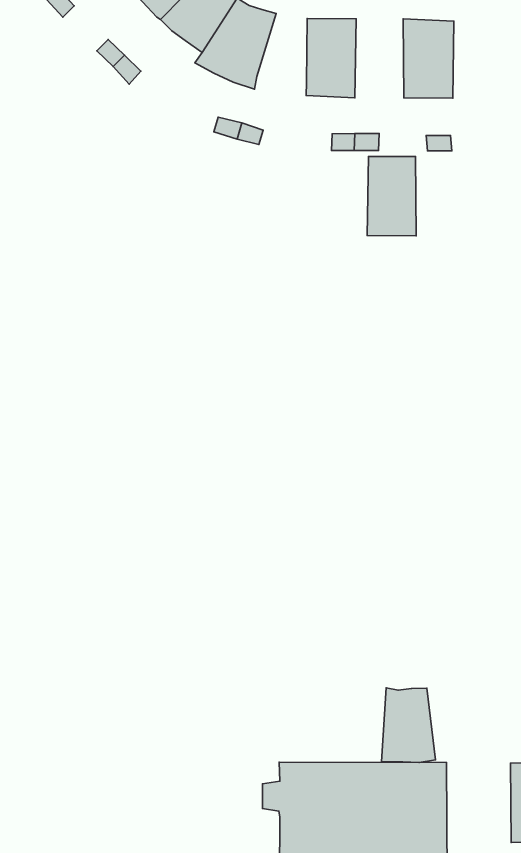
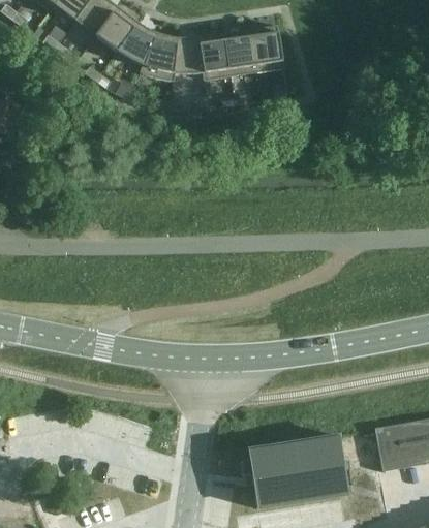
building: none -> [176,37,204,73]
building: [367,157,416,236] -> [225,29,258,76]
building: [381,688,435,762] -> none

